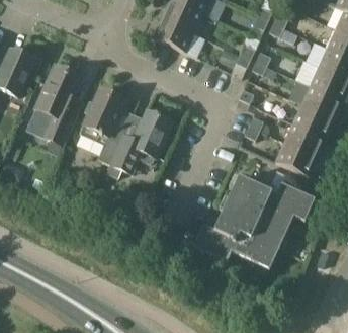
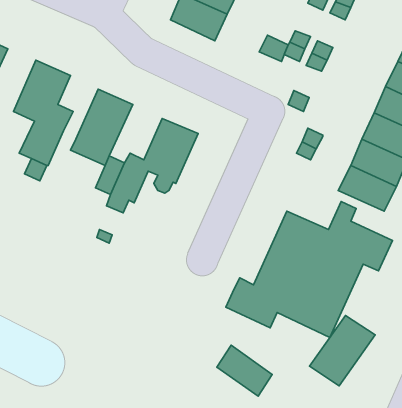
building: none -> [310,315,375,386]
building: none -> [217,345,272,396]

